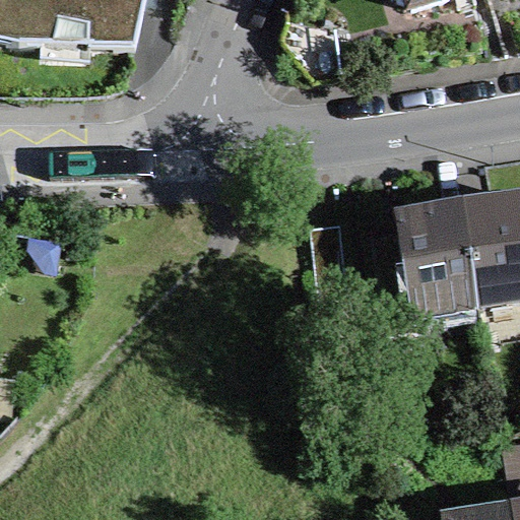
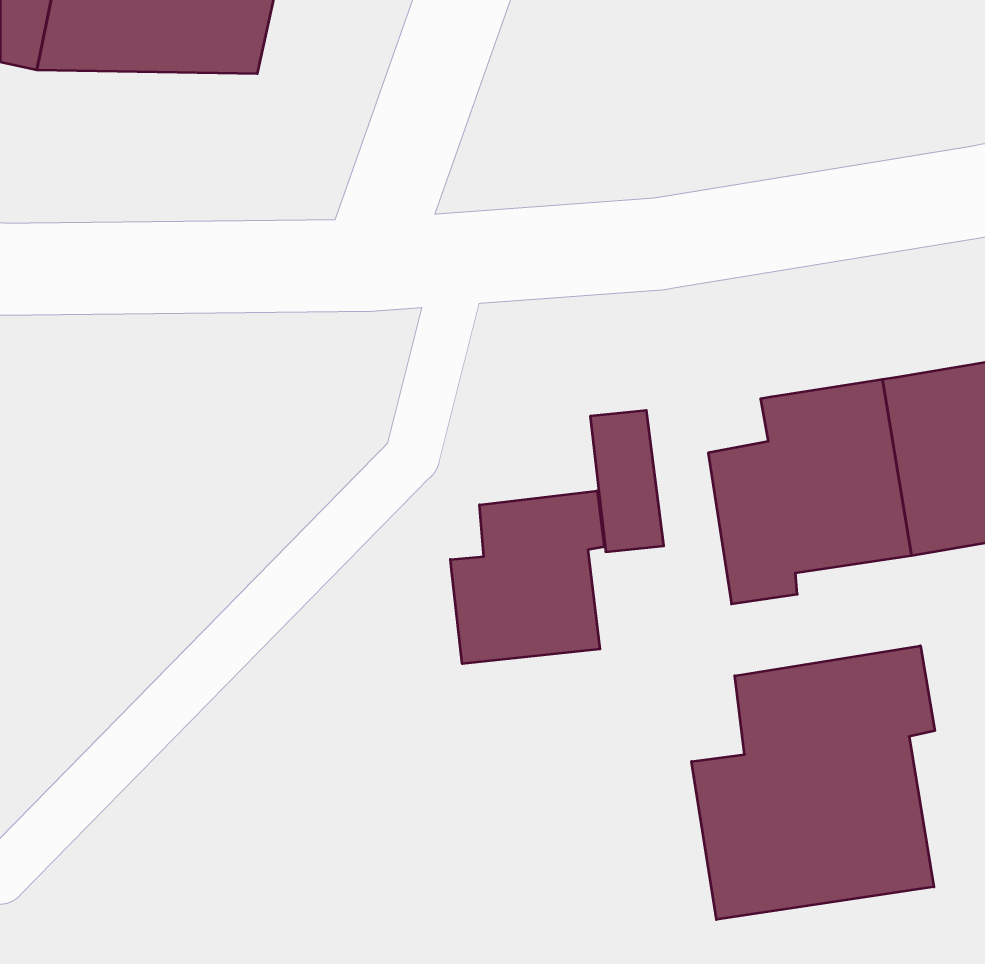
building: none -> [450,491,604,664]
building: none -> [692,646,935,920]

